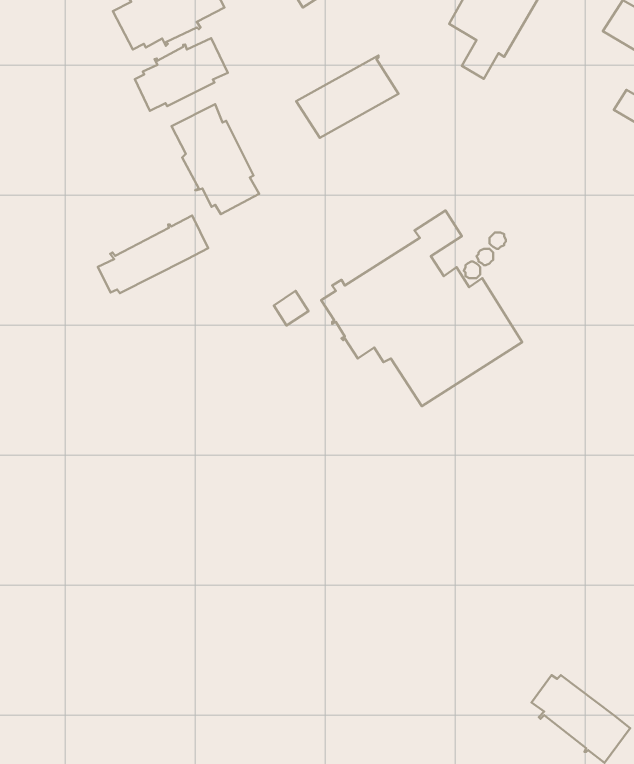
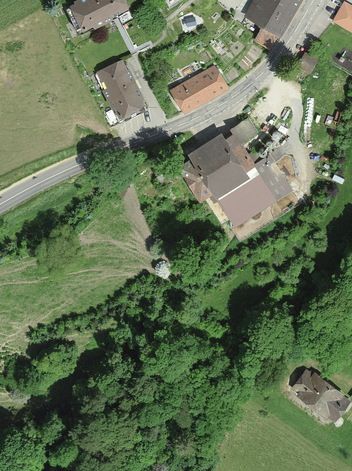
building: [135,38,228,111] -> none
building: [296,56,398,138] -> [171,66,227,111]
building: [98,216,208,293] -> none

